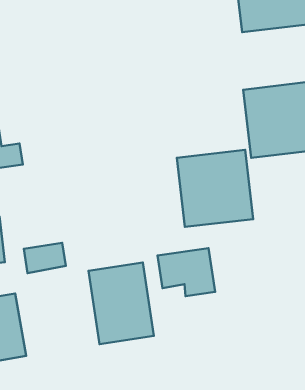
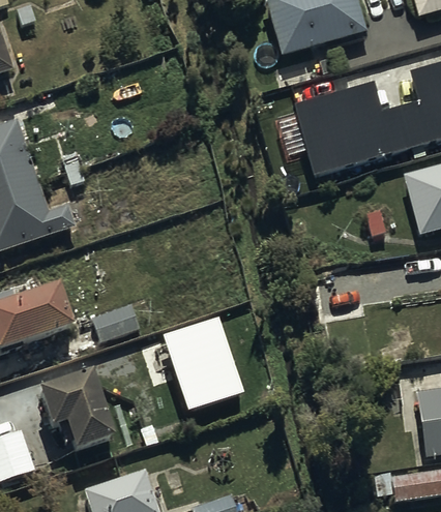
building: [177,150,253,227] -> none
building: [158,248,215,296] -> none

